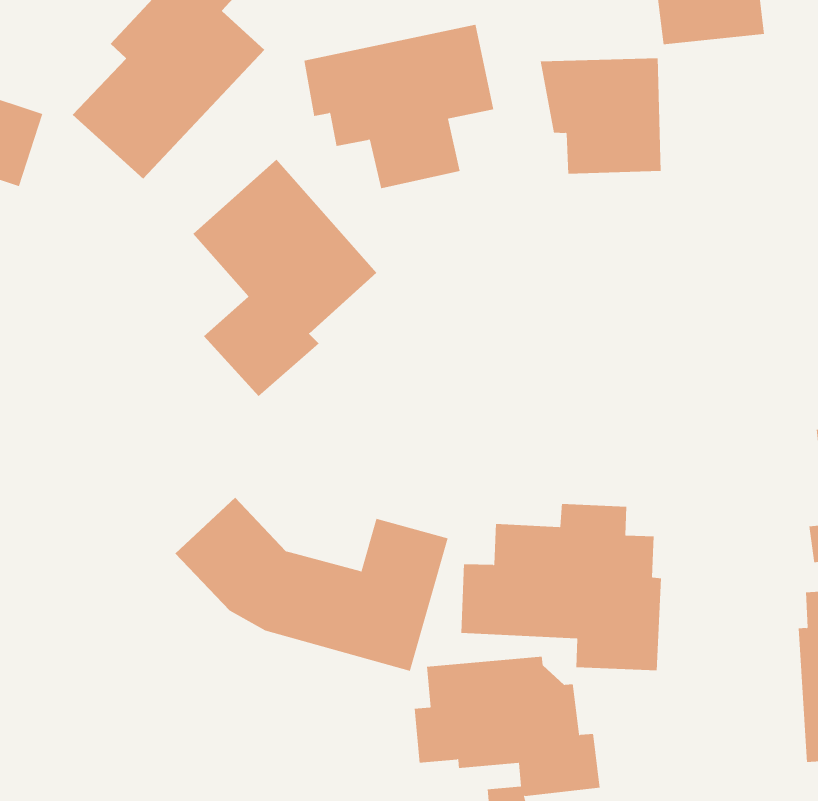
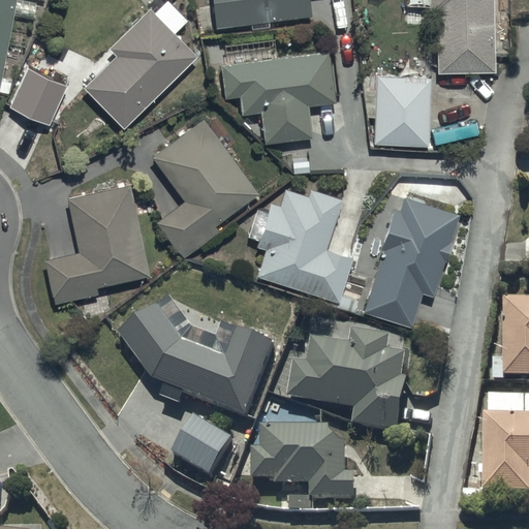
building: none -> [361,196,457,326]
building: none -> [254,189,351,303]
building: none -> [51,182,149,303]
building: none -> [174,419,232,478]

